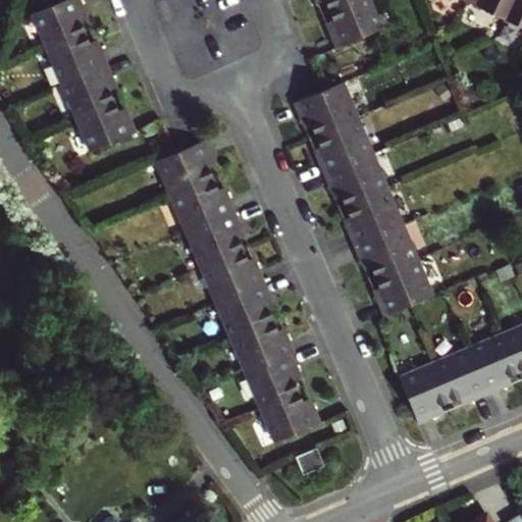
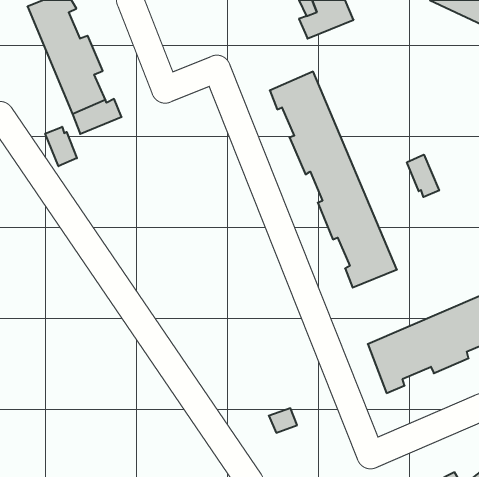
building: [156,140,320,439] -> none
building: none -> [45,127,77,166]
building: none -> [407,155,439,197]

